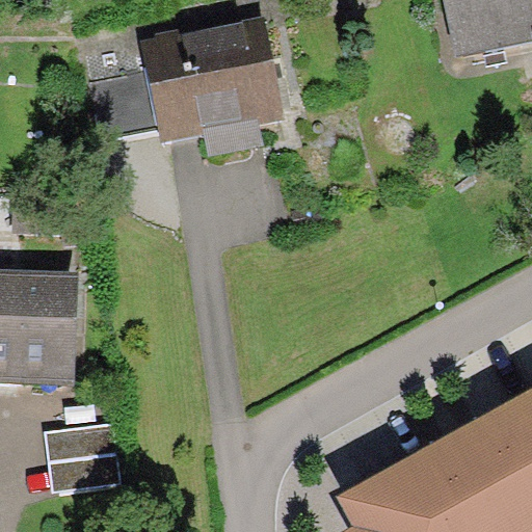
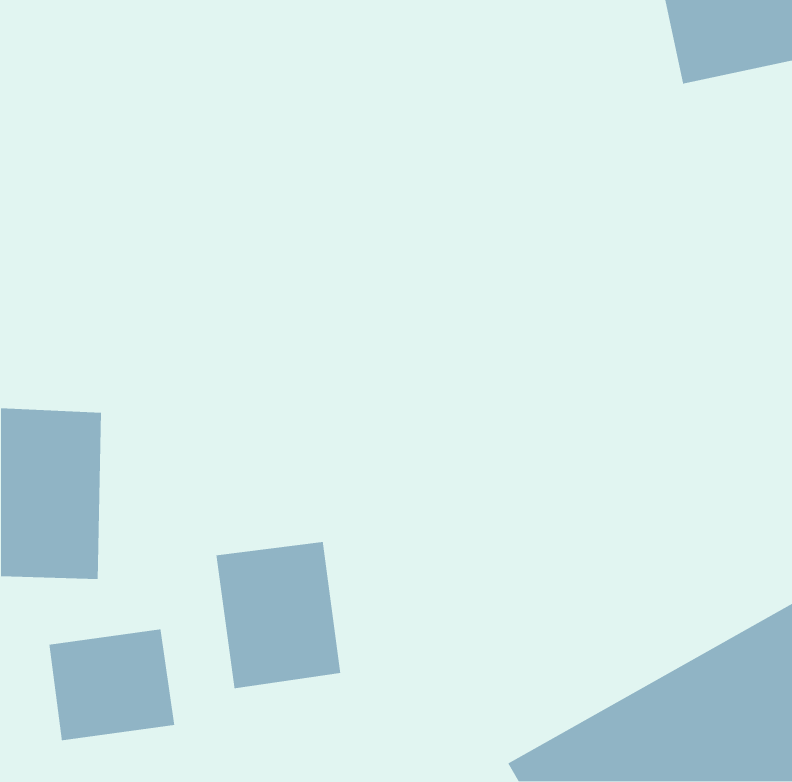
building: [130,18,282,140] -> none
building: none -> [215,541,341,689]

